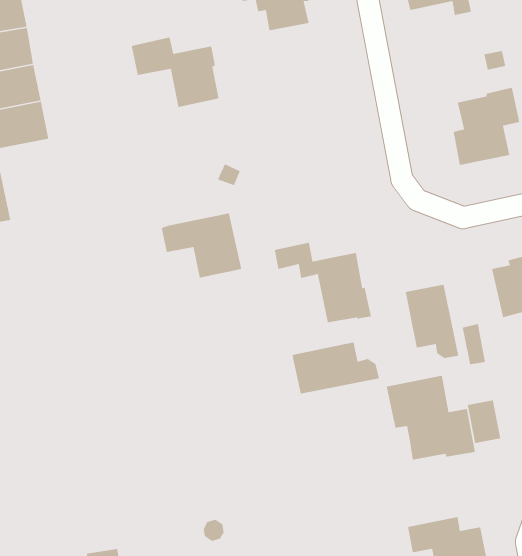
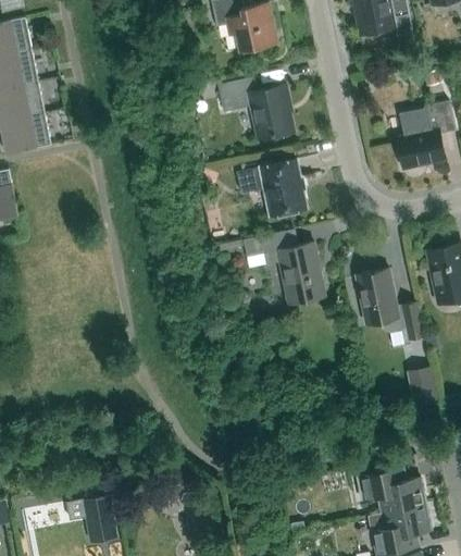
building: [131,37,220,108] -> [217,77,294,138]
building: [161,212,242,278] -> [237,159,307,215]
building: [291,341,380,395] -> none
building: [386,375,476,460] -> none

